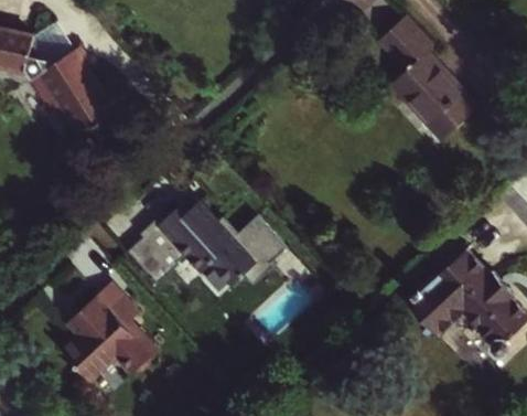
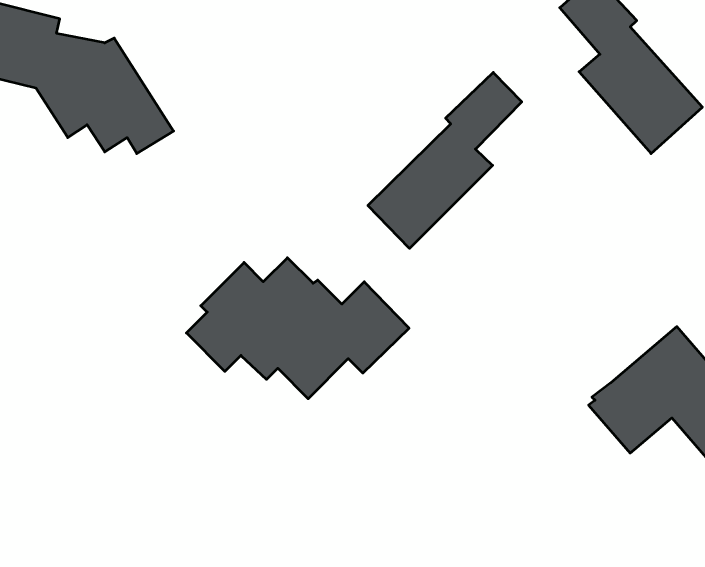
building: none -> [368,72,522,248]
building: [58,295,154,381] -> none

